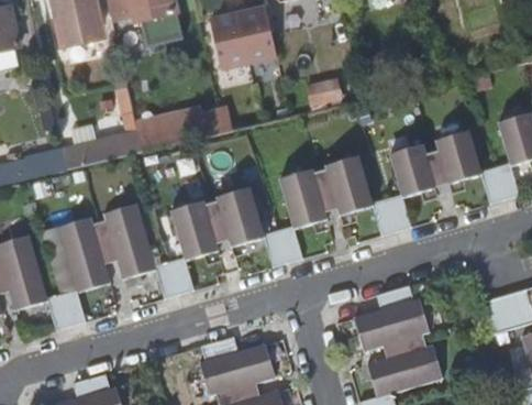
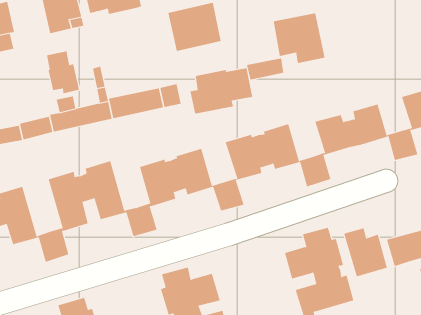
building: none -> [273,12,325,64]
building: none -> [46,50,79,94]
building: none -> [190,68,253,114]
building: none -> [344,227,387,277]

